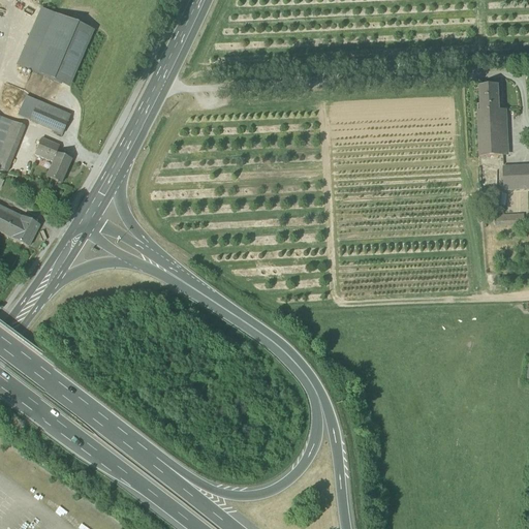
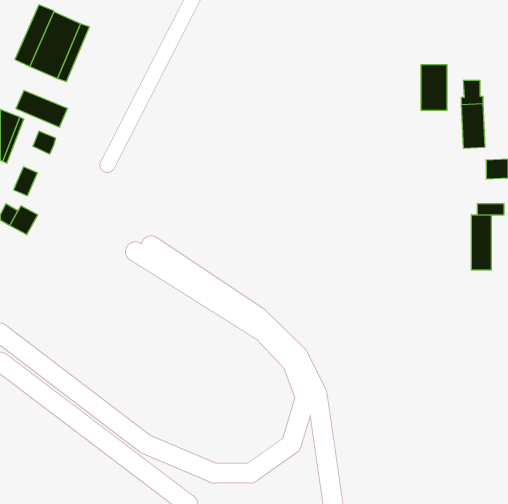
building: none -> [421,64,447,111]
building: [45,151,70,181] -> [14,167,37,196]
building: none -> [471,215,491,270]

